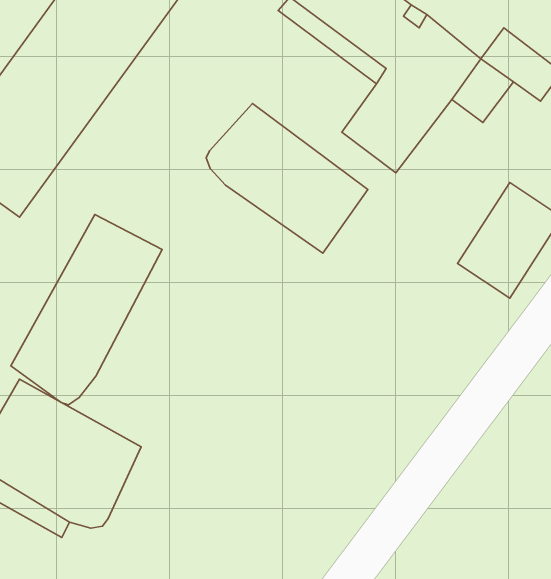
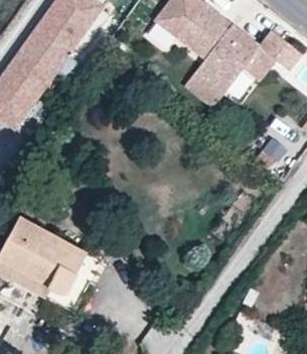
building: [206,104,368,253] -> none
building: [11,215,162,405] -> none

